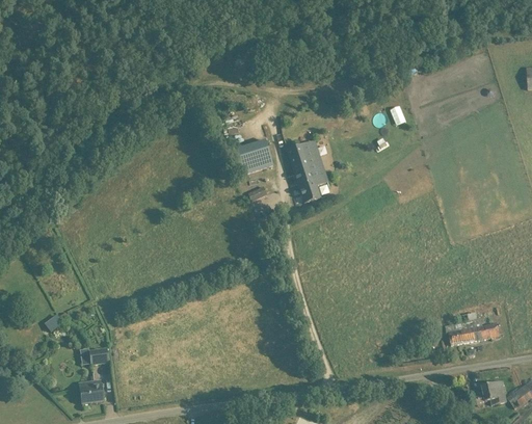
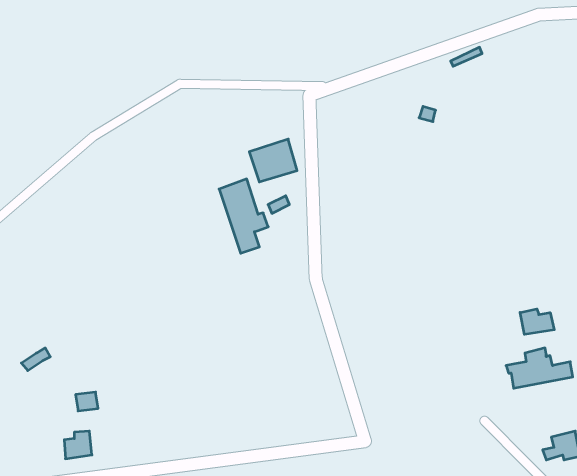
building: [288,140,328,202] -> [219,179,268,253]
building: none -> [520,309,554,334]

